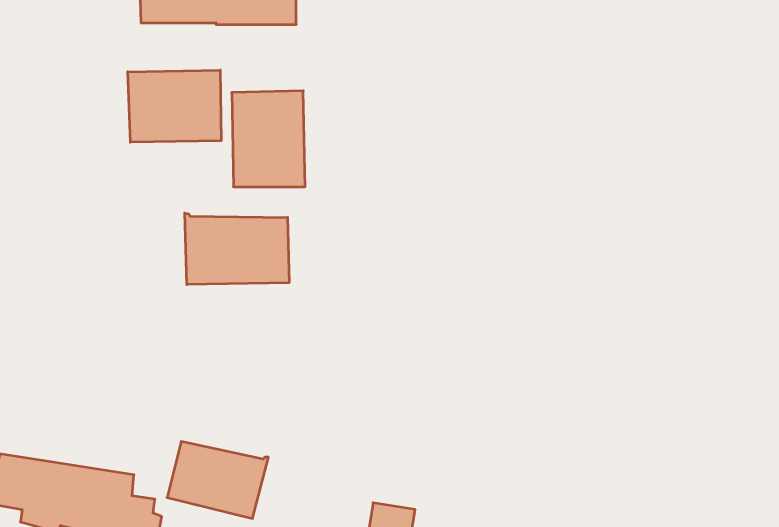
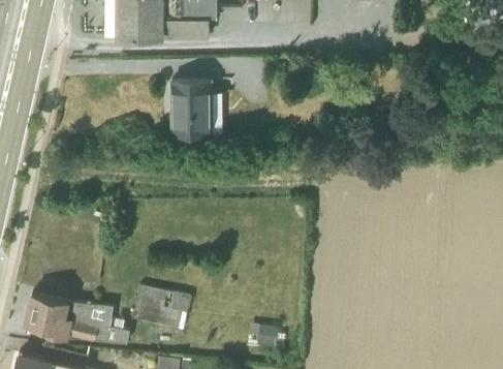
building: [128,70,221,142] -> none
building: [185,213,289,285] -> none

